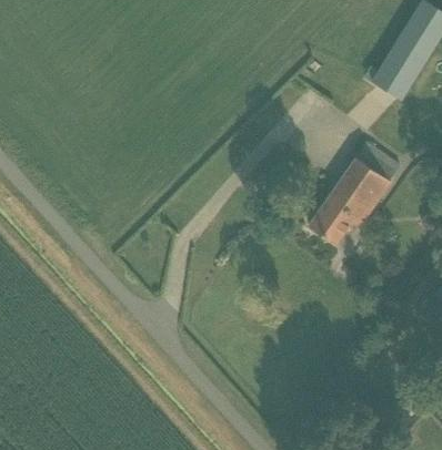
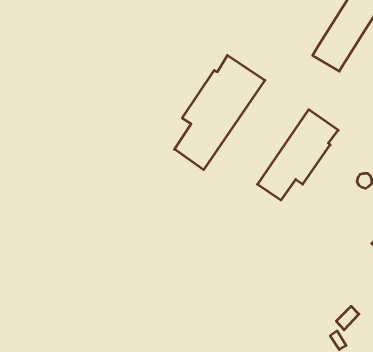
building: none -> [174,55,265,170]

